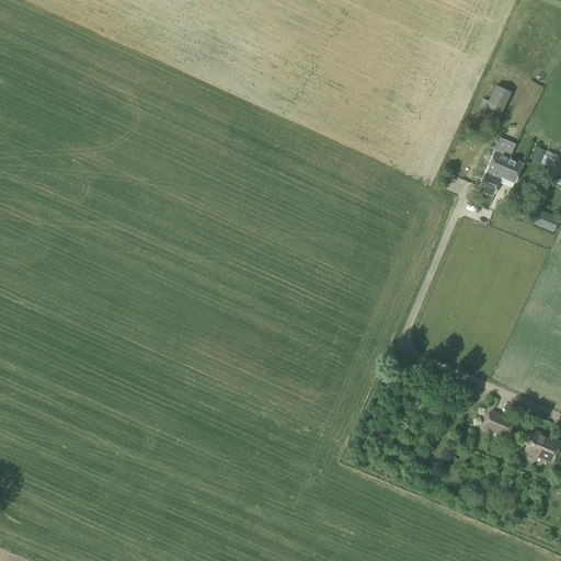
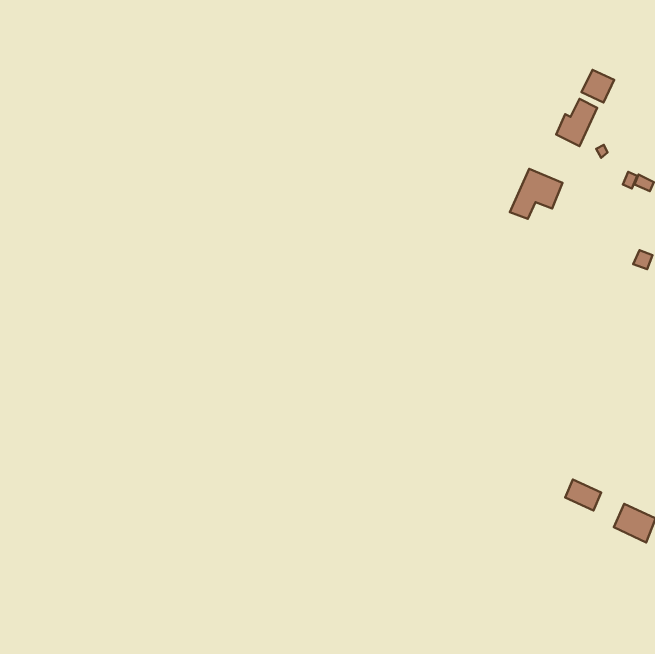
building: none -> [582,70,614,102]
building: [479,149,524,192] -> [510,169,562,219]

